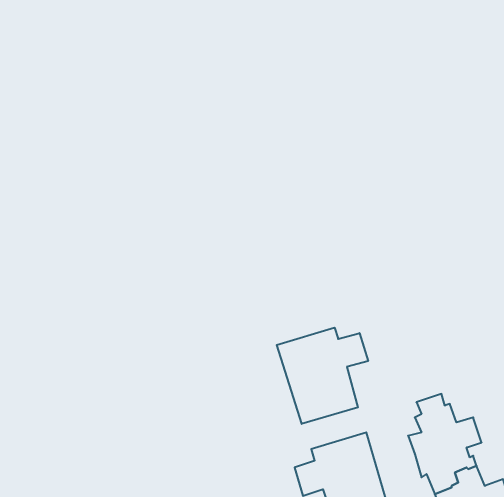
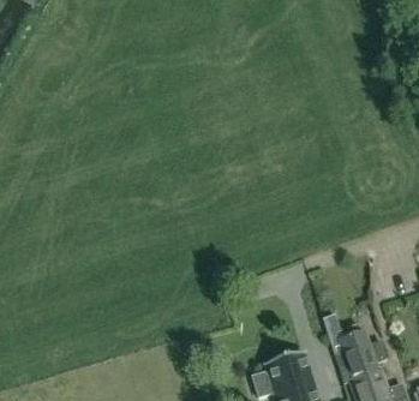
building: [277,328,368,424] -> none

